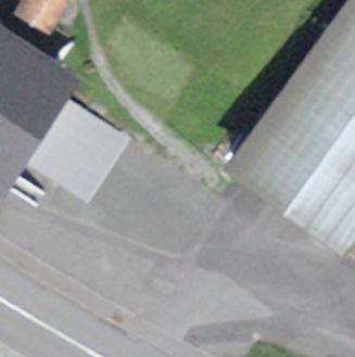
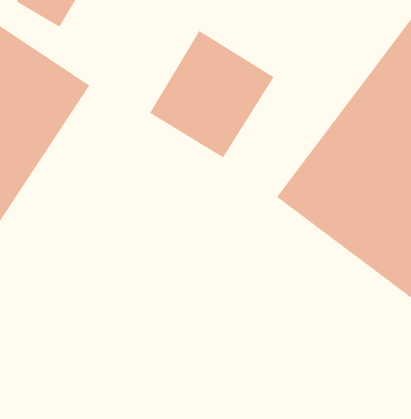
building: [33,97,131,197] -> [149,30,274,158]

